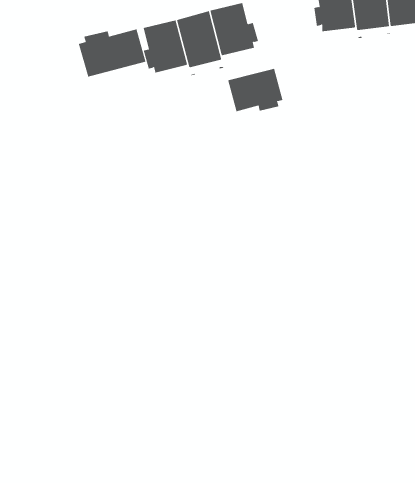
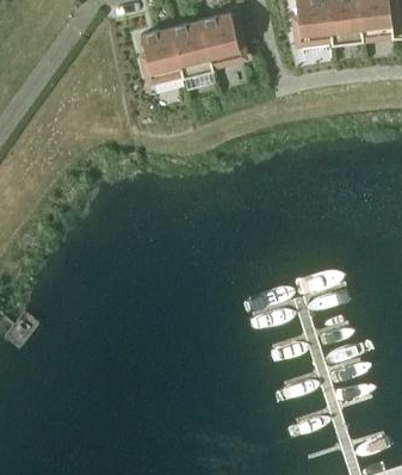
building: [73,29,146,82] -> none
building: [228,65,287,112] -> none

